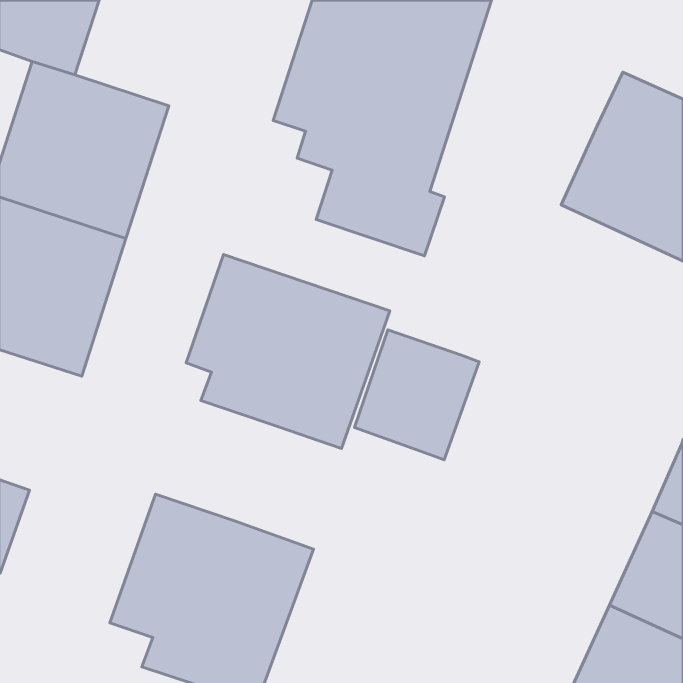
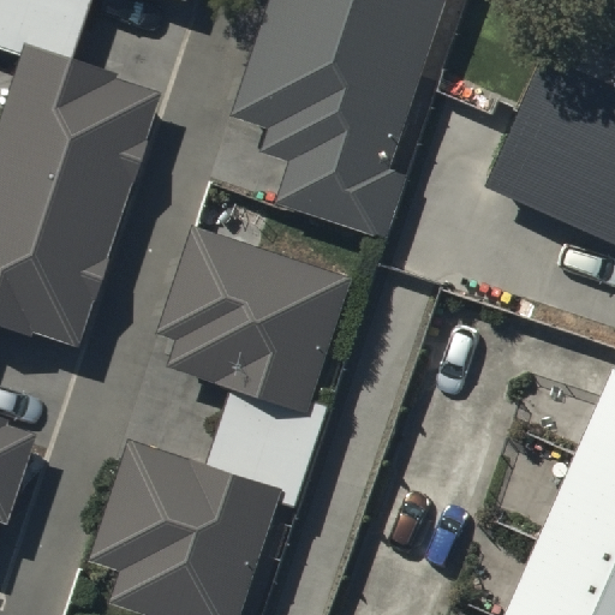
building: [354,330,479,460] -> [210,381,322,497]

